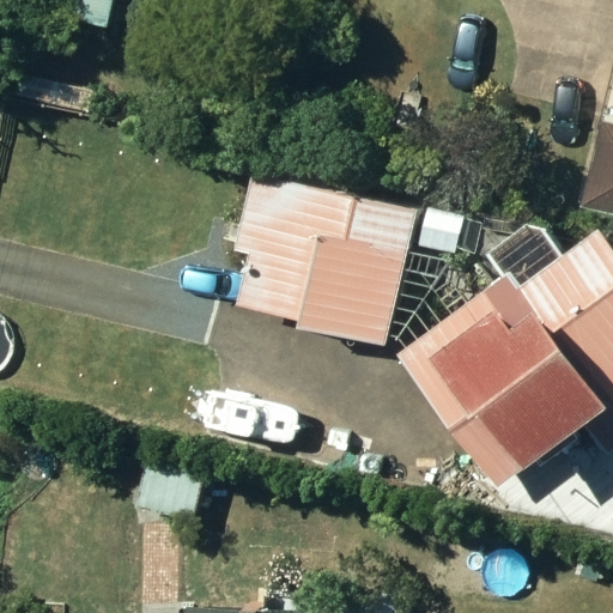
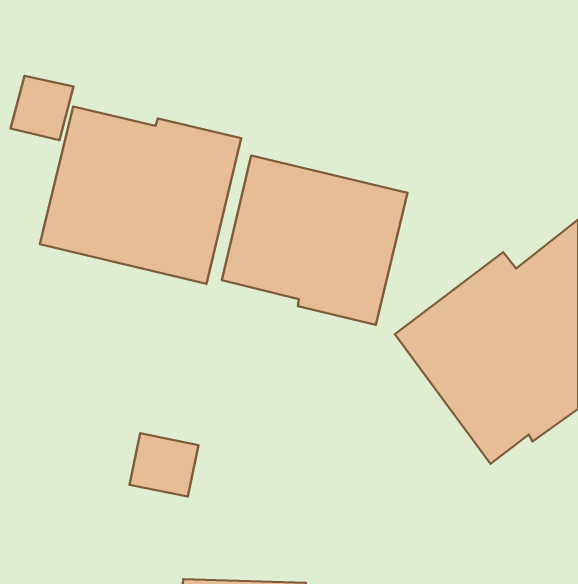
building: none -> [40,106,241,284]

